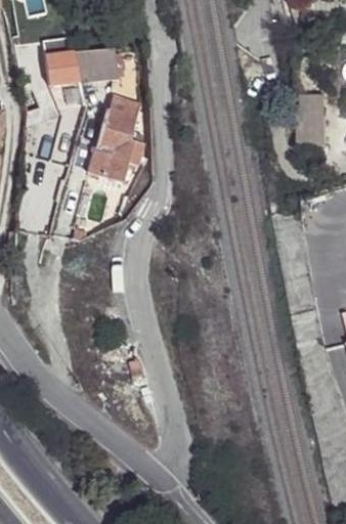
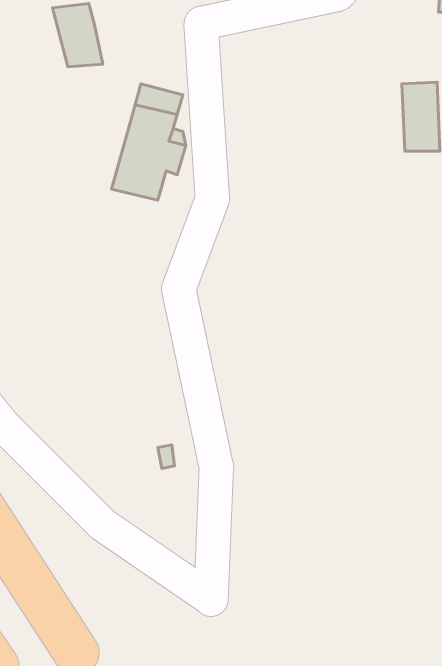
building: [77,47,119,80] -> none

